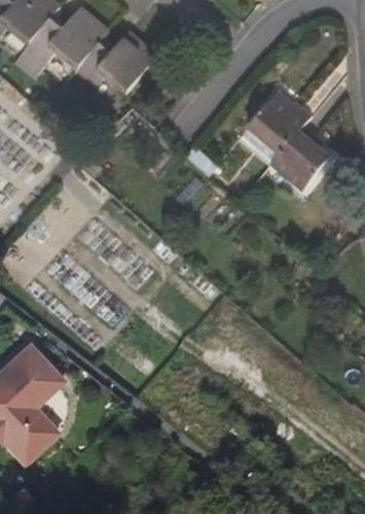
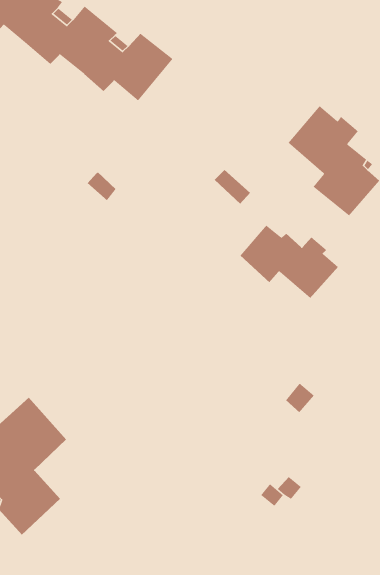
building: none -> [239,224,339,299]

